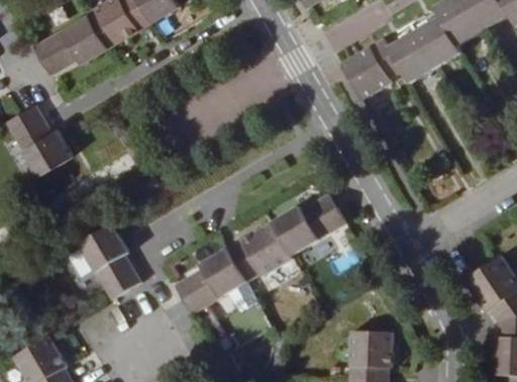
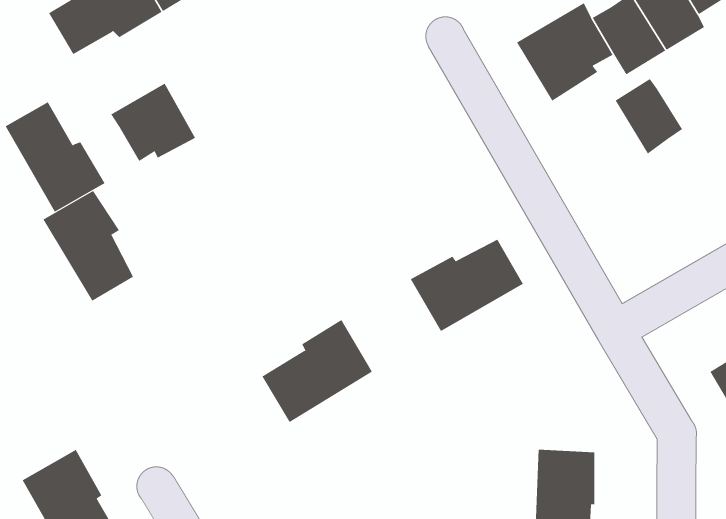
building: none -> [615,78,683,155]
building: none -> [110,83,196,162]
building: [225,220,291,279] -> none
building: [77,224,136,297] -> [43,190,134,301]

